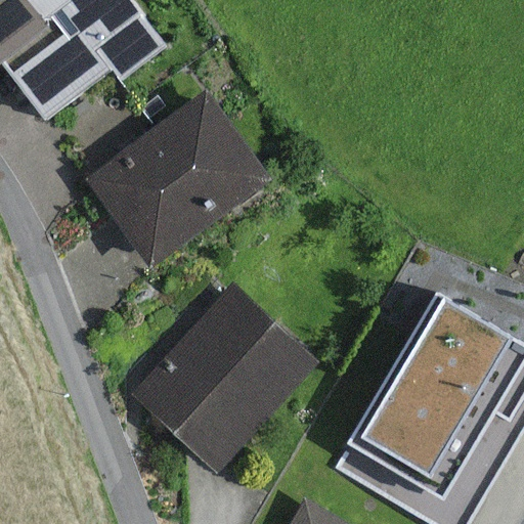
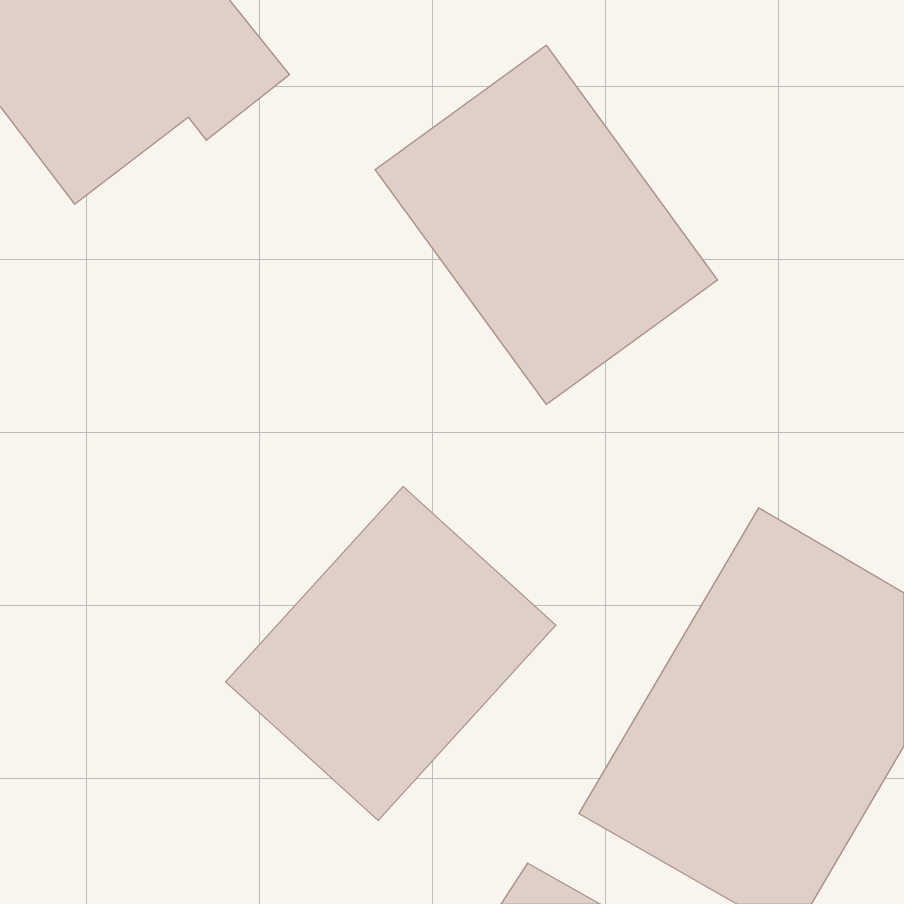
building: none -> [375,45,717,405]
building: [85,89,271,268] -> none

